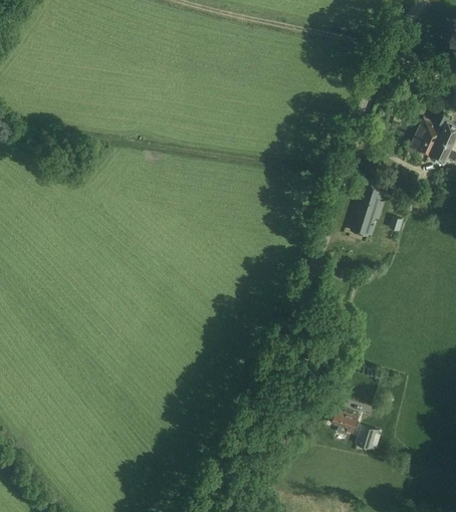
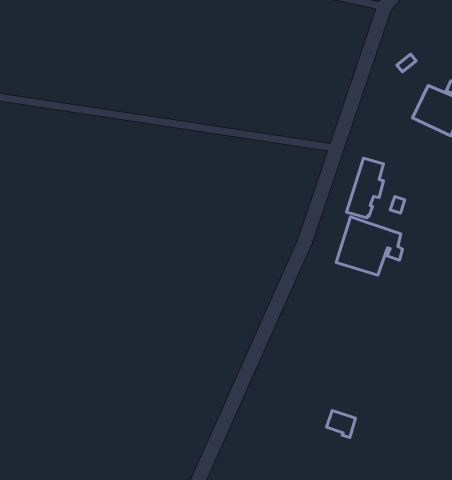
building: none -> [336,217,403,275]
building: [356,425,380,450] -> none

